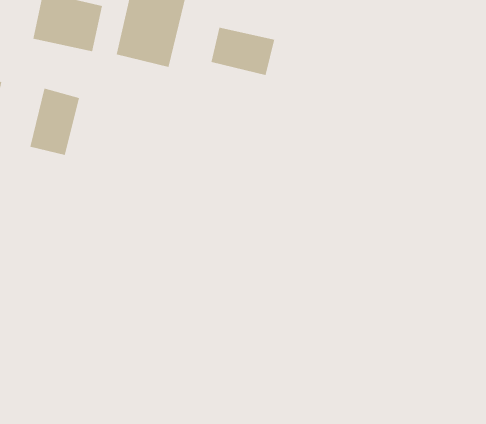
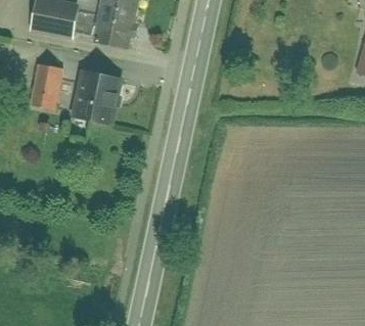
building: [211,27,275,76] -> none
building: none -> [72,69,124,124]

